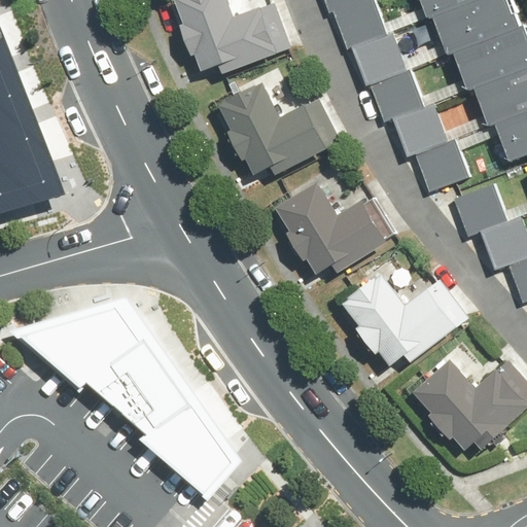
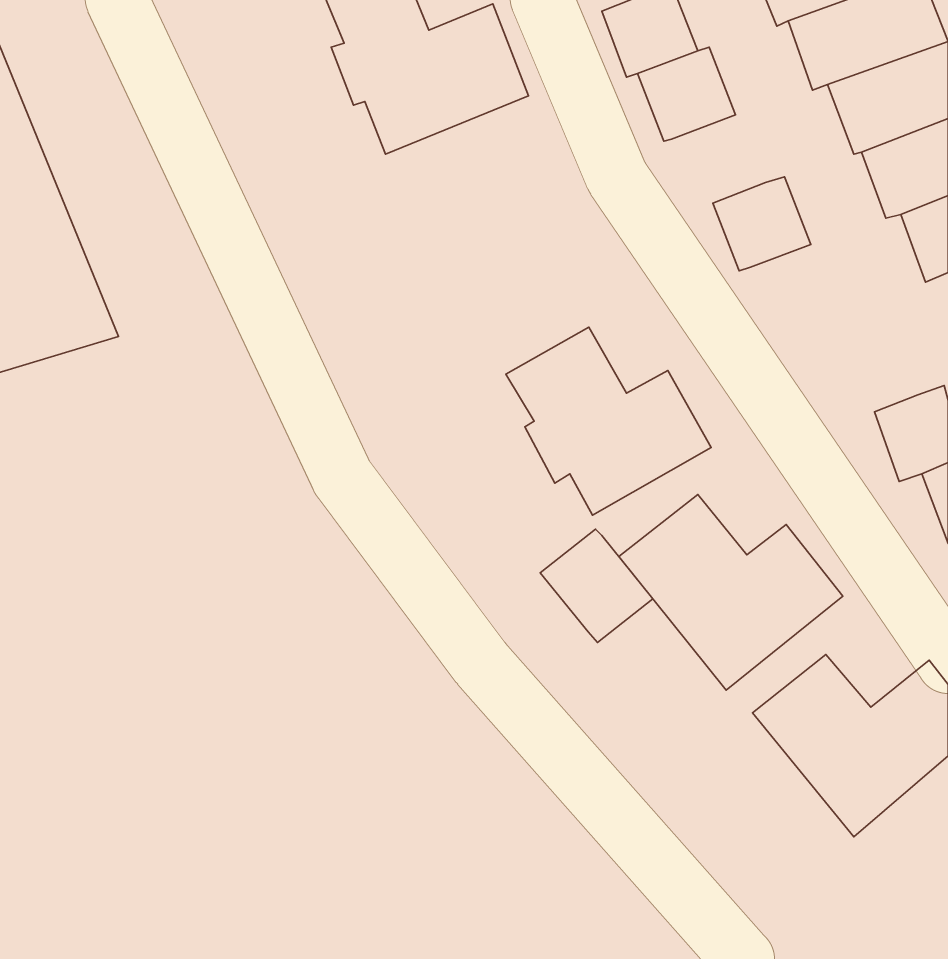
building: [367,62,419,114] -> none
building: [223,83,326,182] -> none
building: [411,132,465,185] -> none
building: [449,178,502,231] -> none
building: none -> [540,529,653,643]
building: [27,292,235,493] -> none

